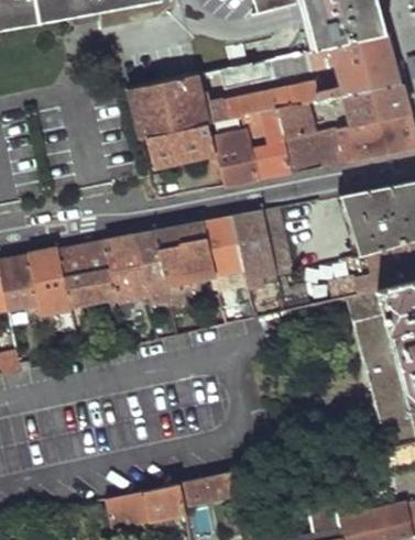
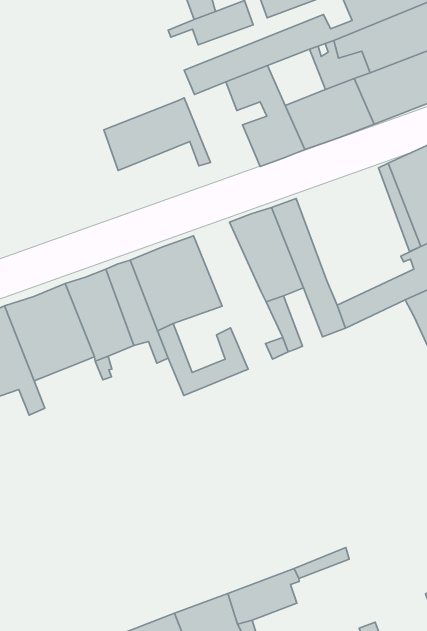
building: [135,74,207,135] -> none
building: [275,101,314,139] -> none
building: [211,114,258,186] -> none
building: [201,216,243,275] -> none

